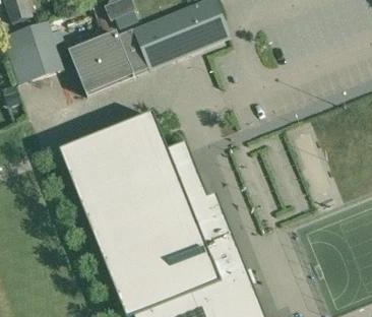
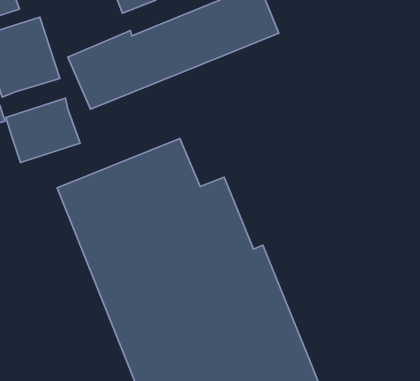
building: none -> [6,98,80,162]

